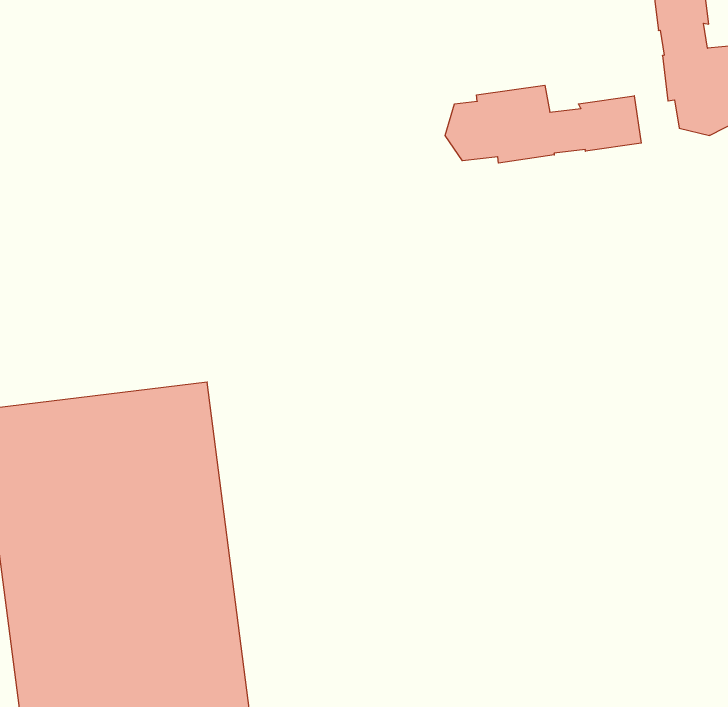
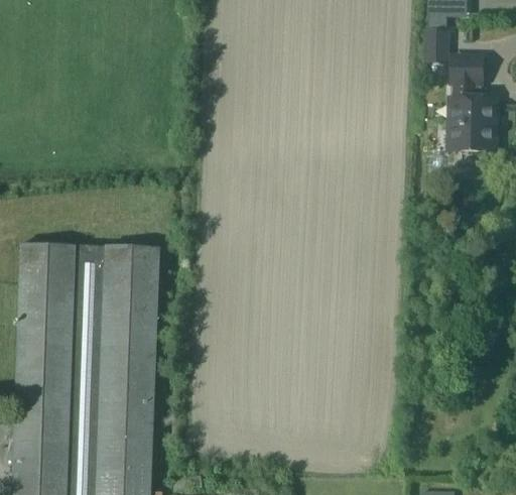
building: [445,85,641,163] -> none

